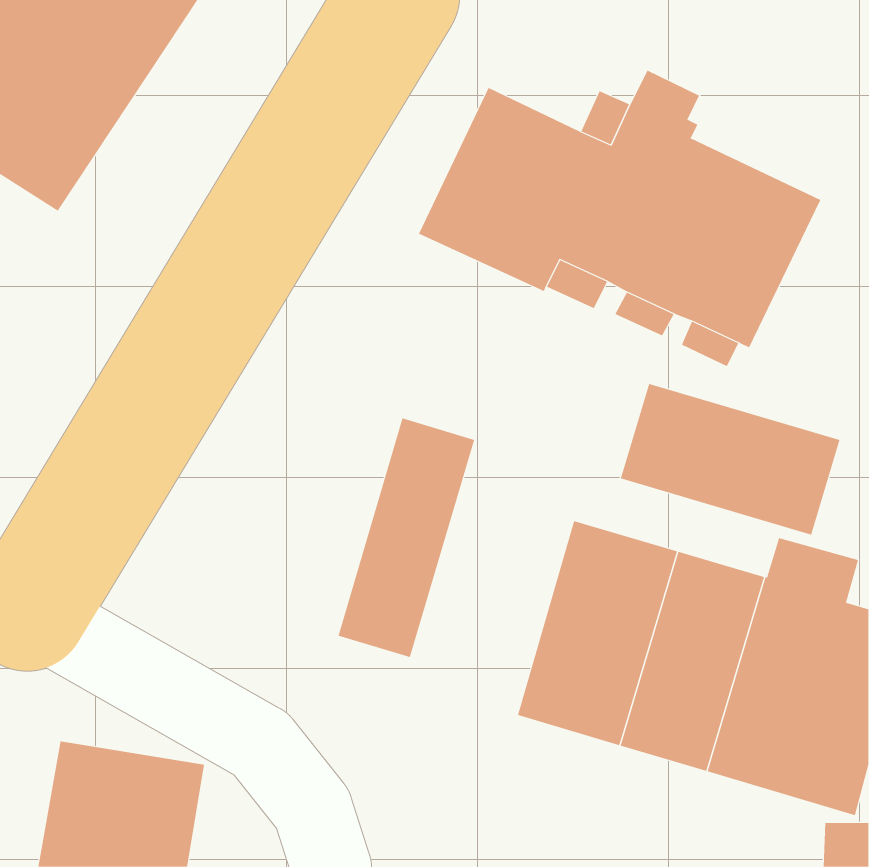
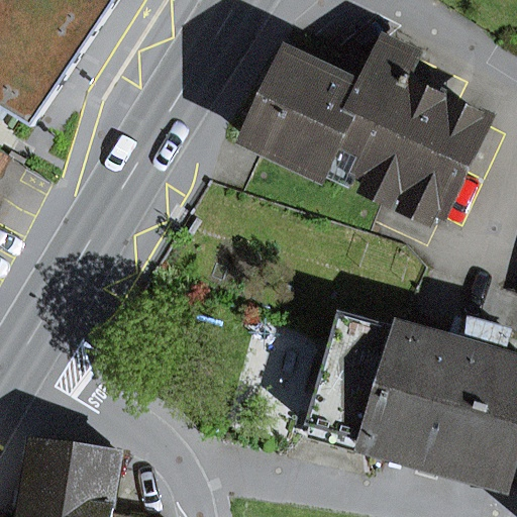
building: [620,383,840,535] -> none
building: [338,418,475,658] -> none

